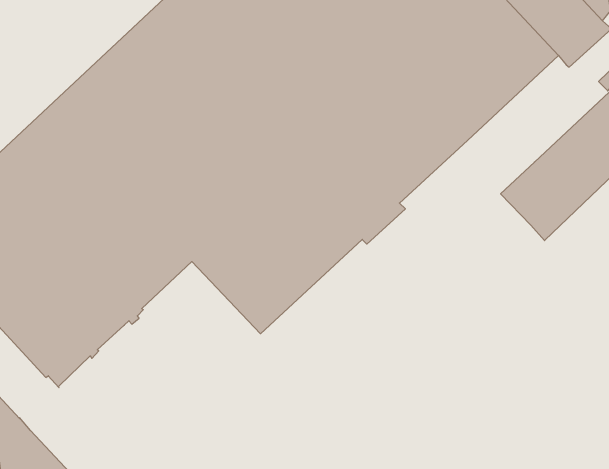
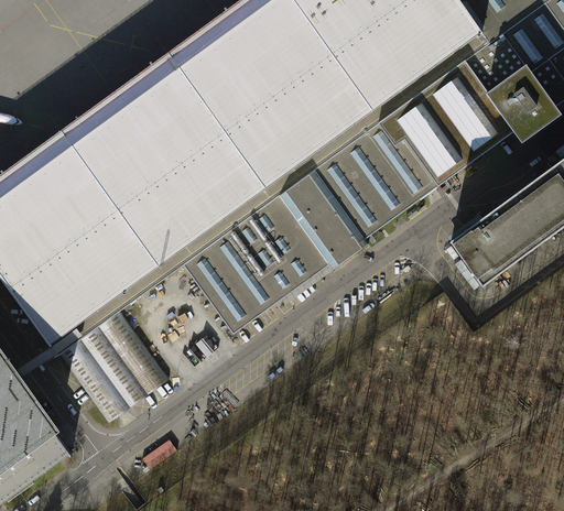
building: none -> [58,311,170,422]

